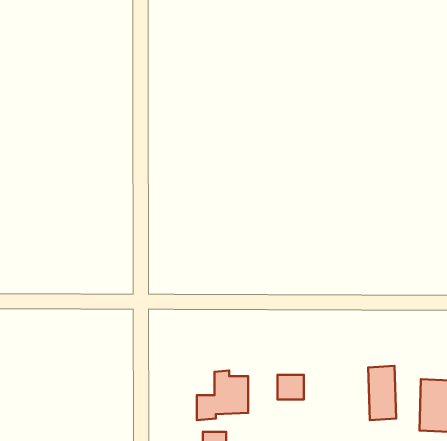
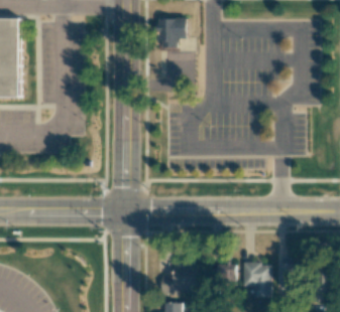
building: none -> [155,17,183,44]
building: none -> [242,261,268,294]

